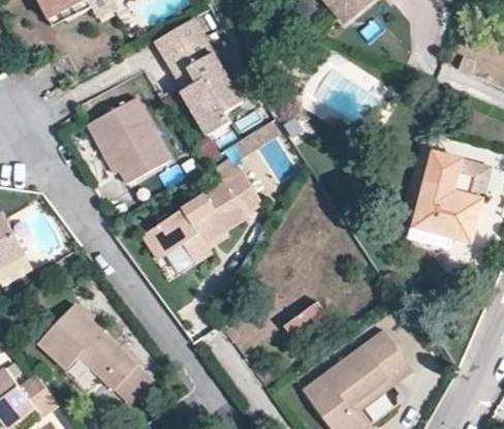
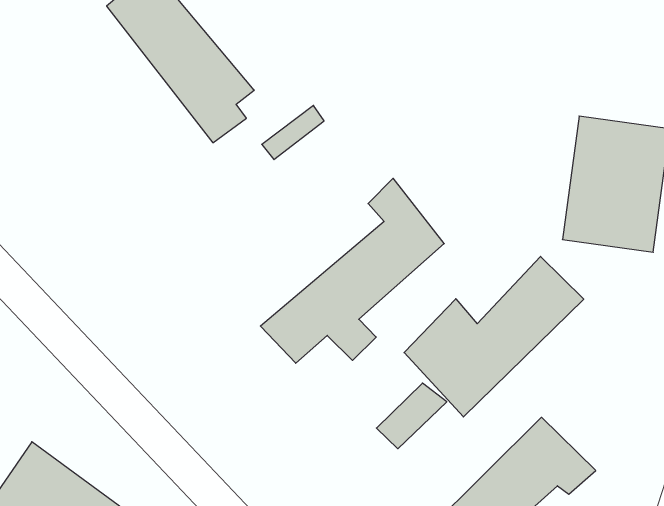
building: [90,99,168,184] -> none
building: [140,154,260,263] -> [260,178,444,363]
building: none -> [404,256,584,417]

